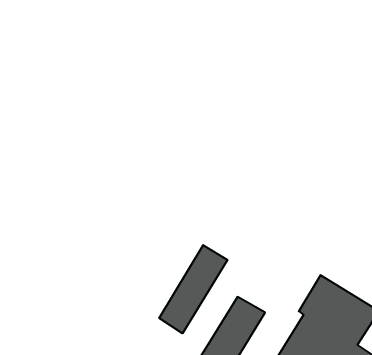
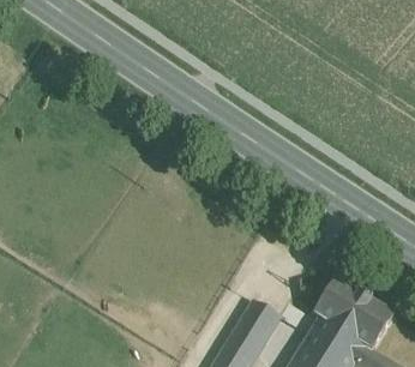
building: [159,245,227,333] -> none

